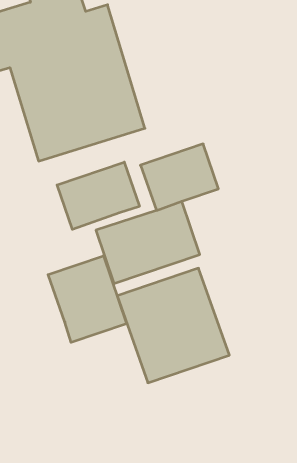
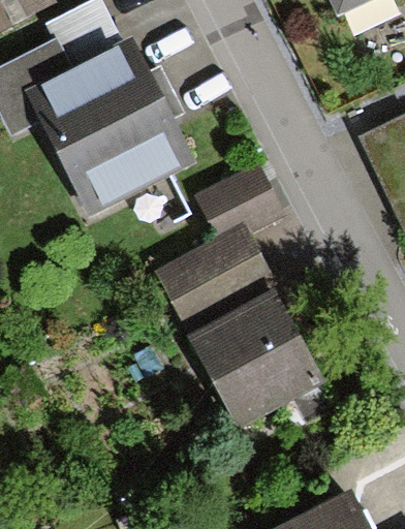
building: [57,162,139,229] -> none
building: [48,256,126,342] -> none

